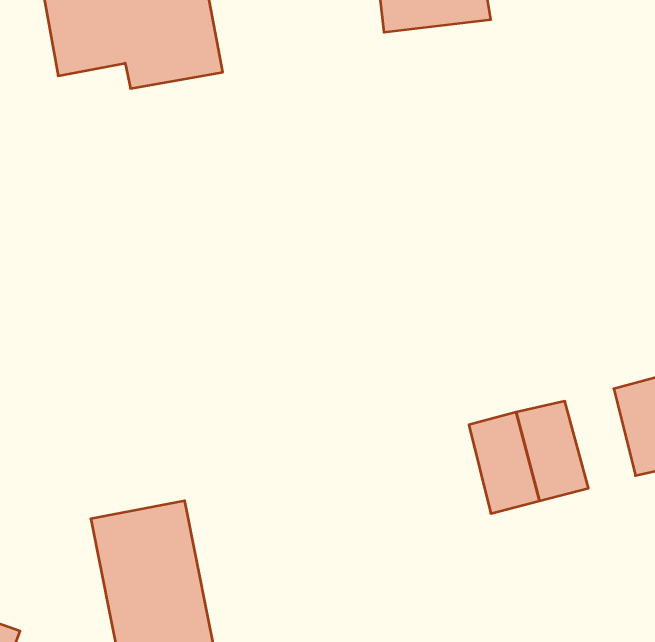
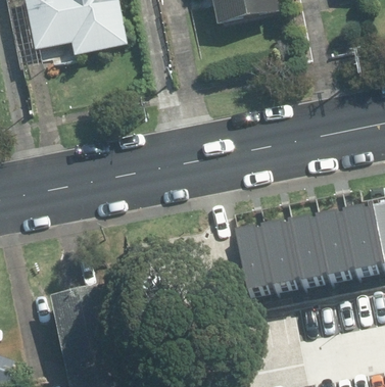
building: none -> [321,223,360,279]
building: none -> [239,243,279,300]

